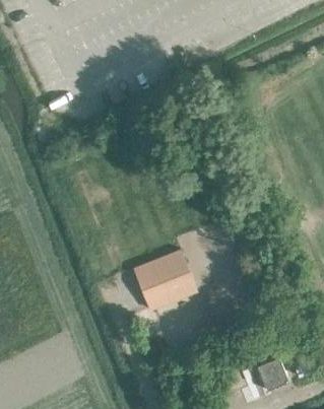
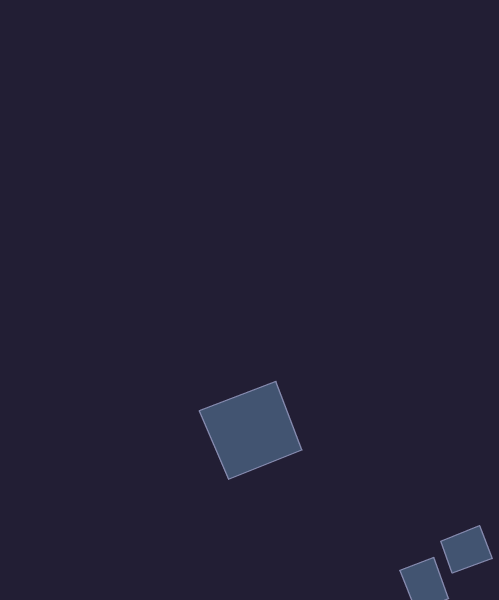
building: none -> [441,526,492,573]

